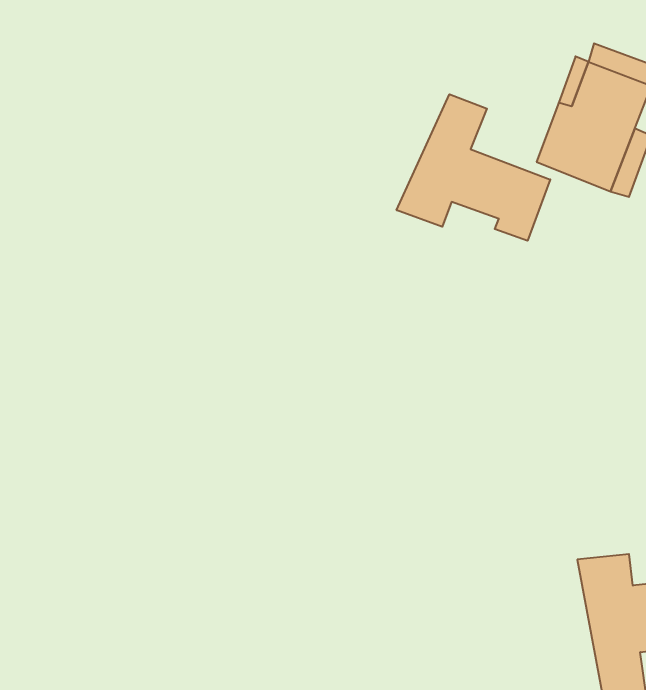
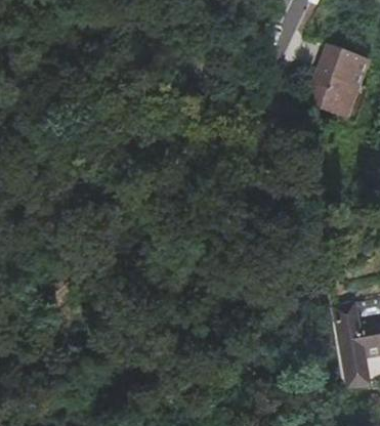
building: [397,94,550,241] -> none

